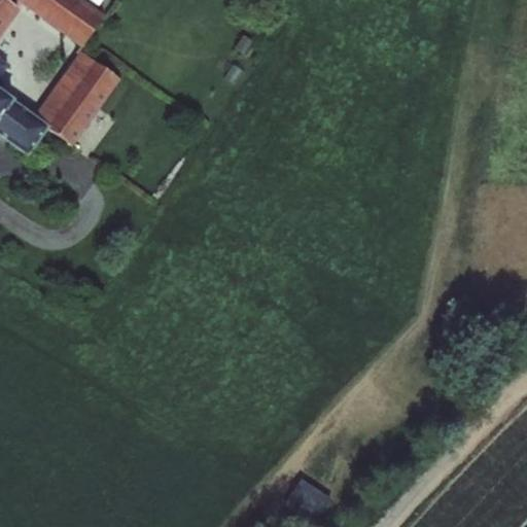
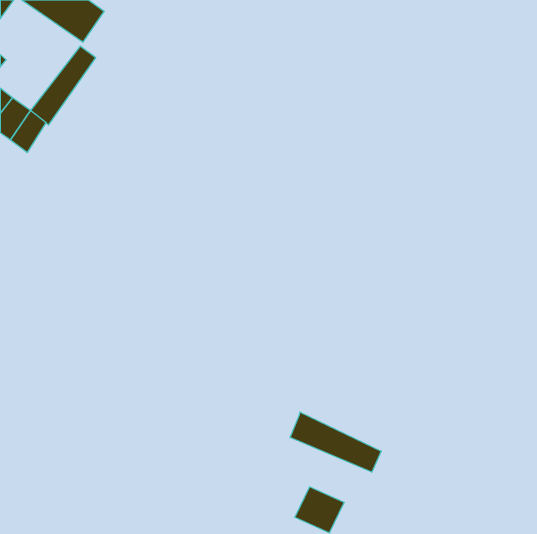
building: [48,60,116,143] -> none
building: none -> [290,412,381,472]

